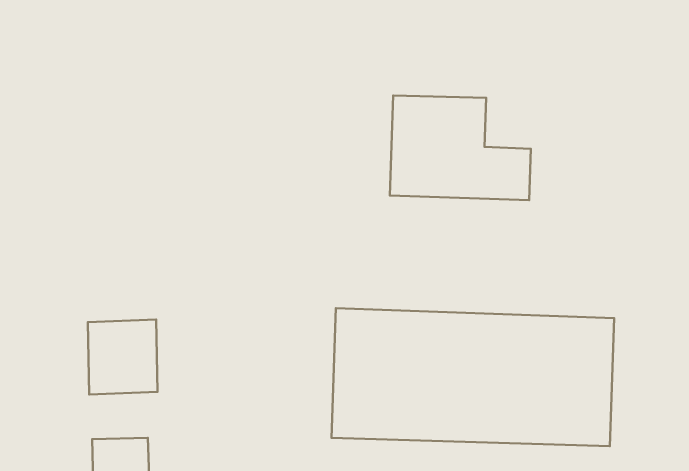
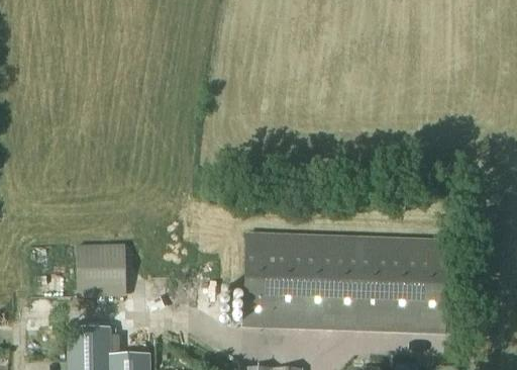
building: [390,95,531,200] -> none

